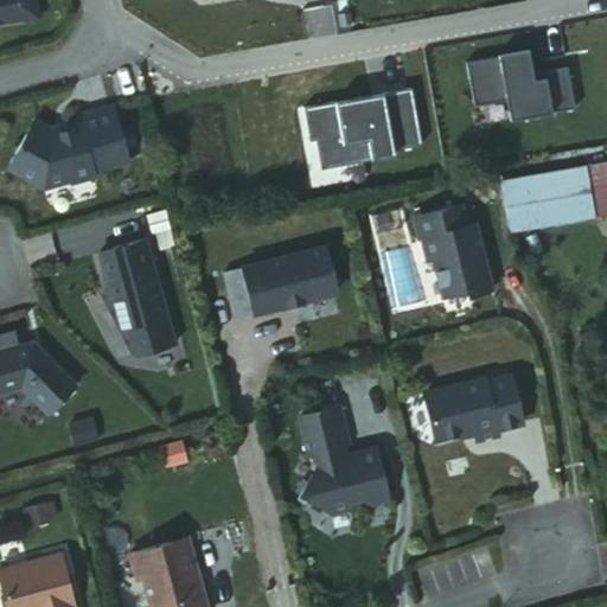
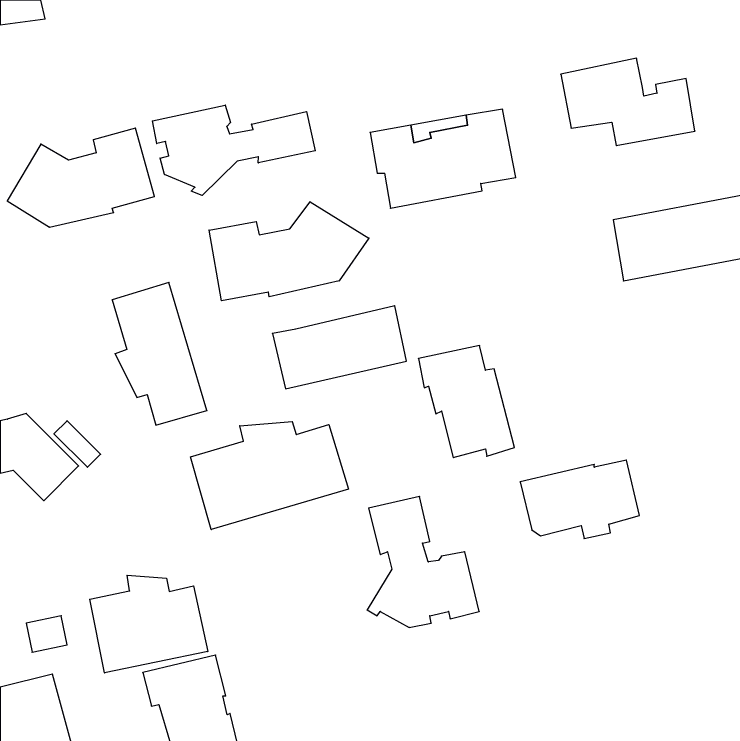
building: none -> [152,105,315,195]
building: none -> [209,202,369,301]
building: [416,206,494,298] -> [418,346,514,458]
building: none -> [190,422,348,530]
building: none -> [90,575,208,673]

